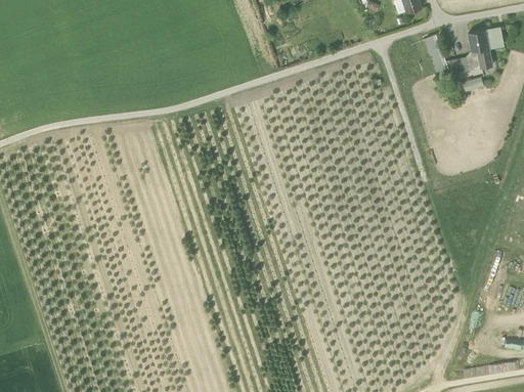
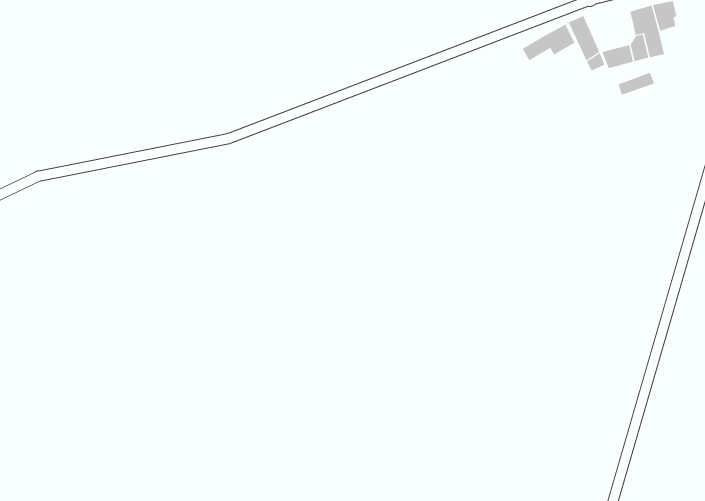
building: none -> [522,24,575,61]

